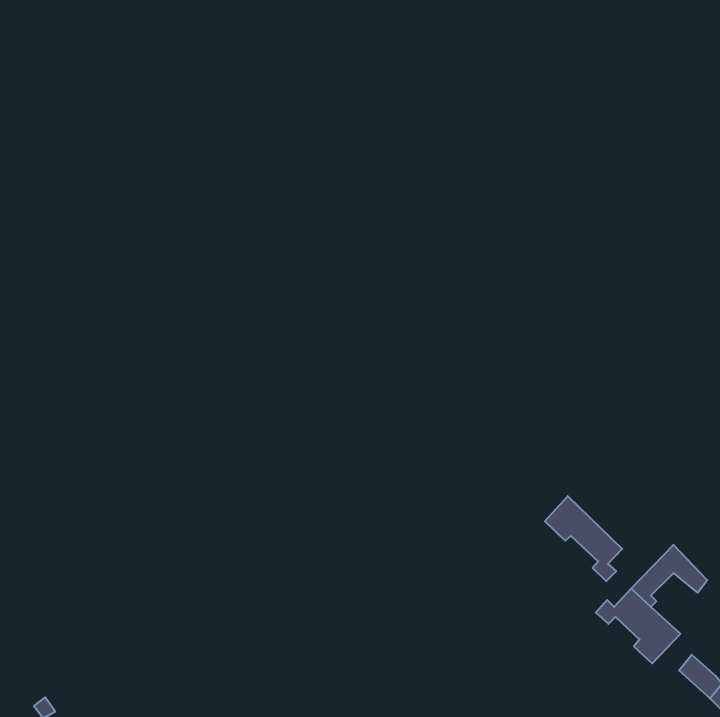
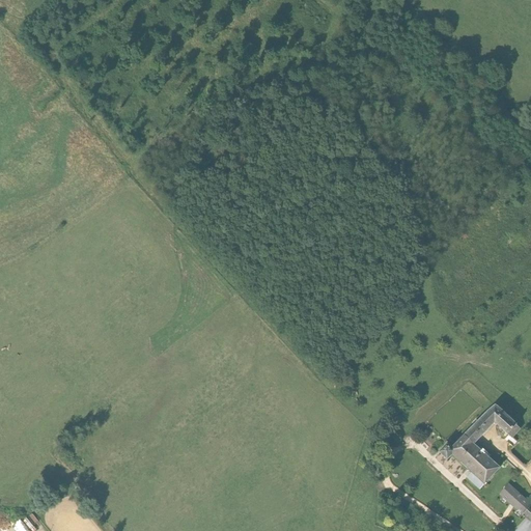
building: [545,496,622,581] -> none

